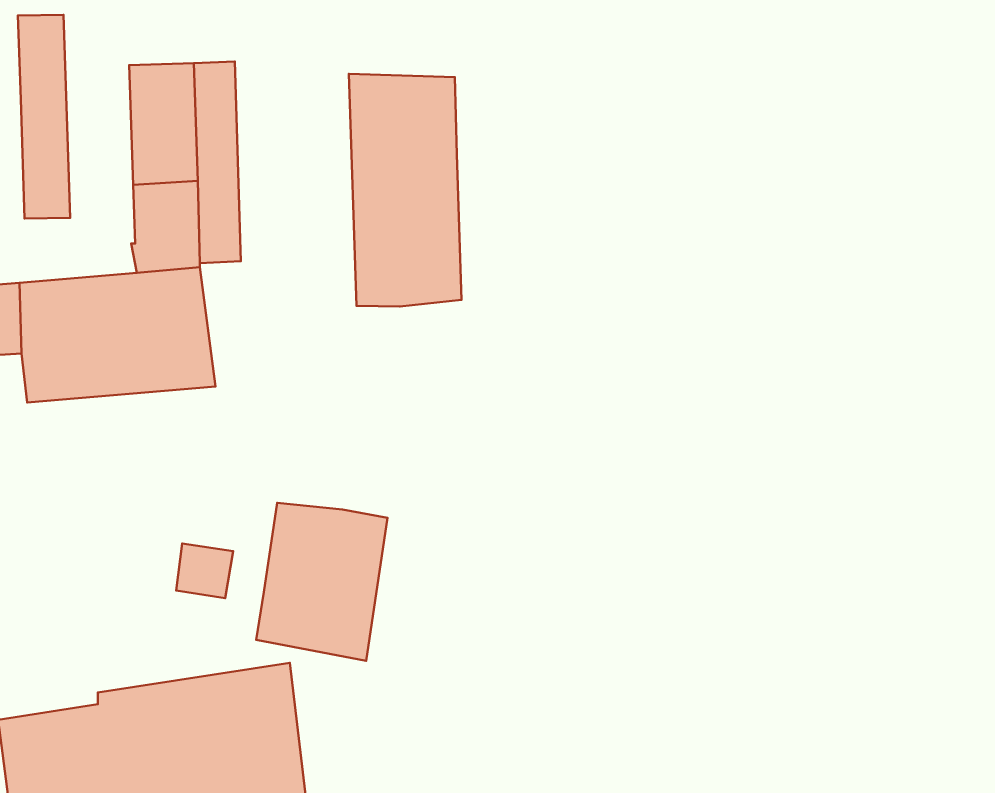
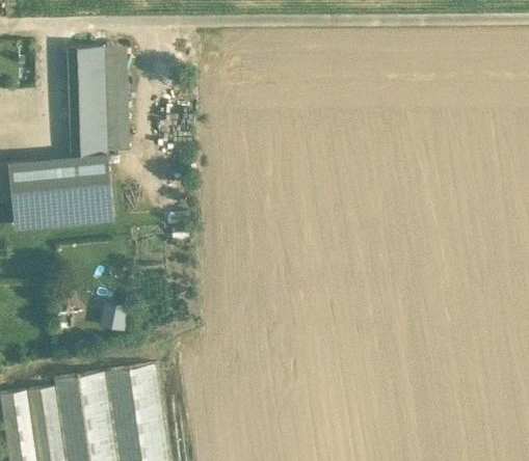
building: [18,15,70,219] -> none
building: [349,74,461,307] -> none
building: [256,503,387,661] -> none

